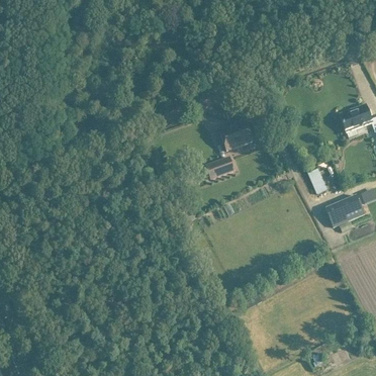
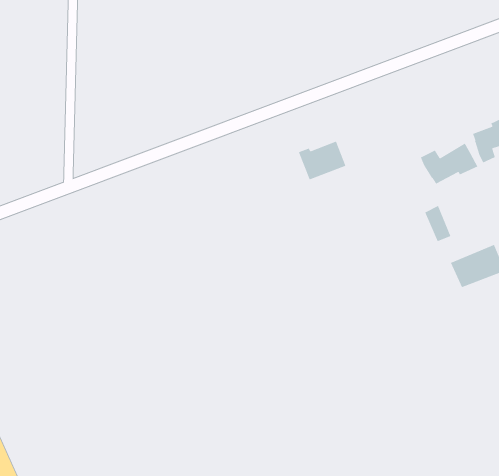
building: none -> [420,142,479,186]
building: [206,157,234,179] -> none

